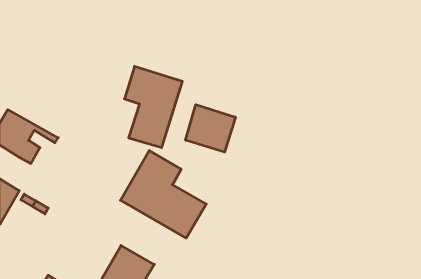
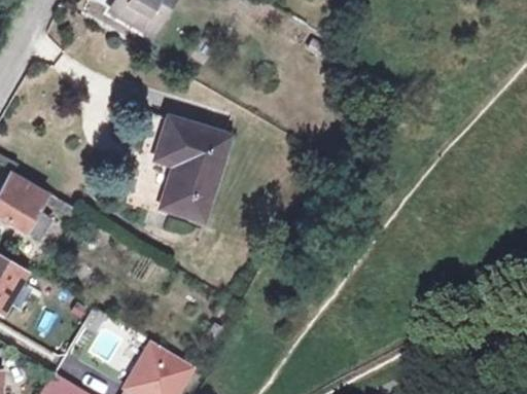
building: [186,105,235,152] -> none
building: [120,151,206,238] -> none

